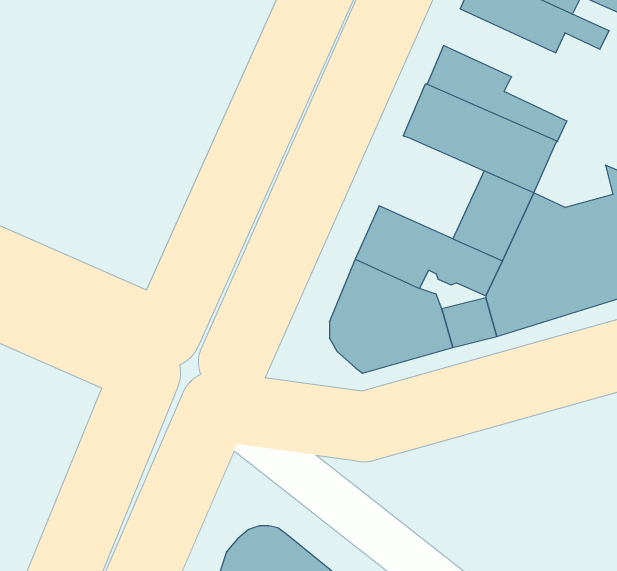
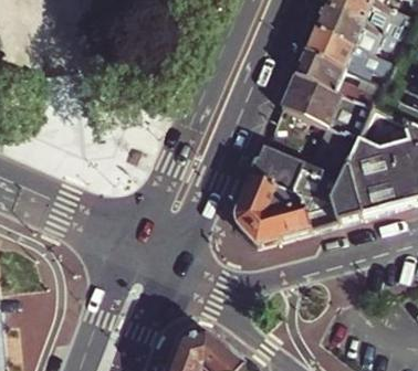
building: none -> [307,28,397,85]

